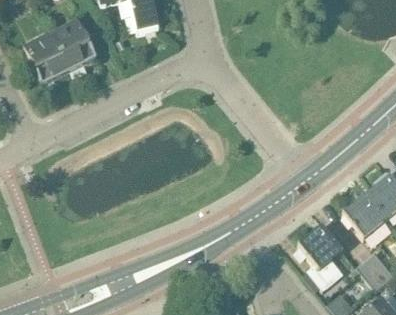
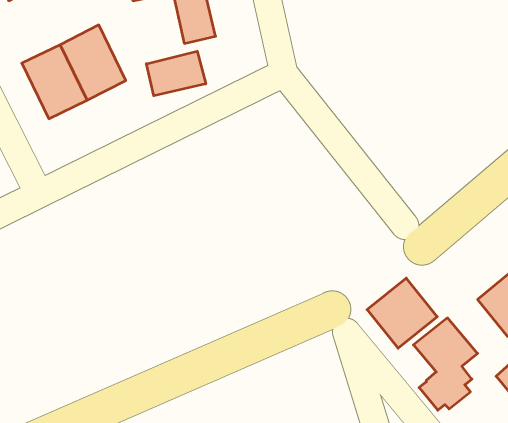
building: none -> [146,51,206,96]
building: none -> [367,278,437,348]

